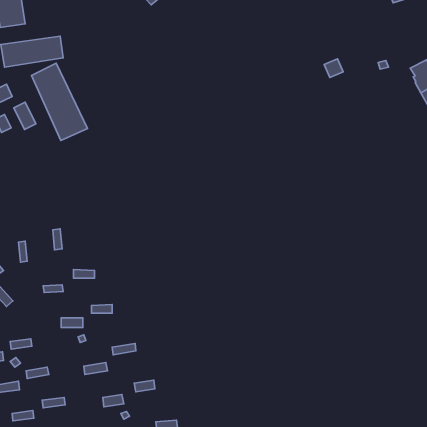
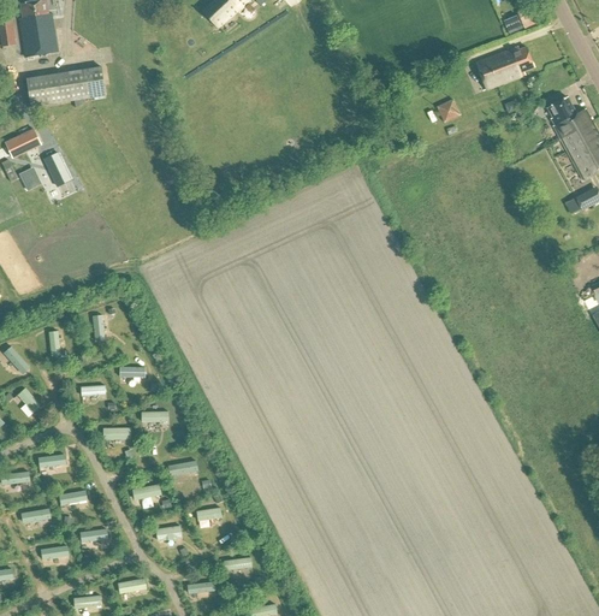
building: none -> [475,47,534,90]
building: [31,63,88,140] -> none

